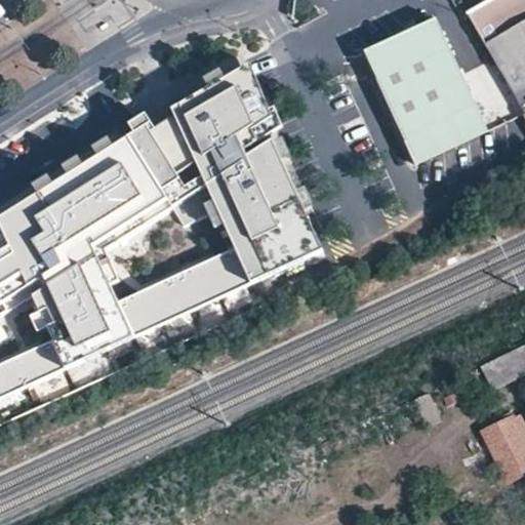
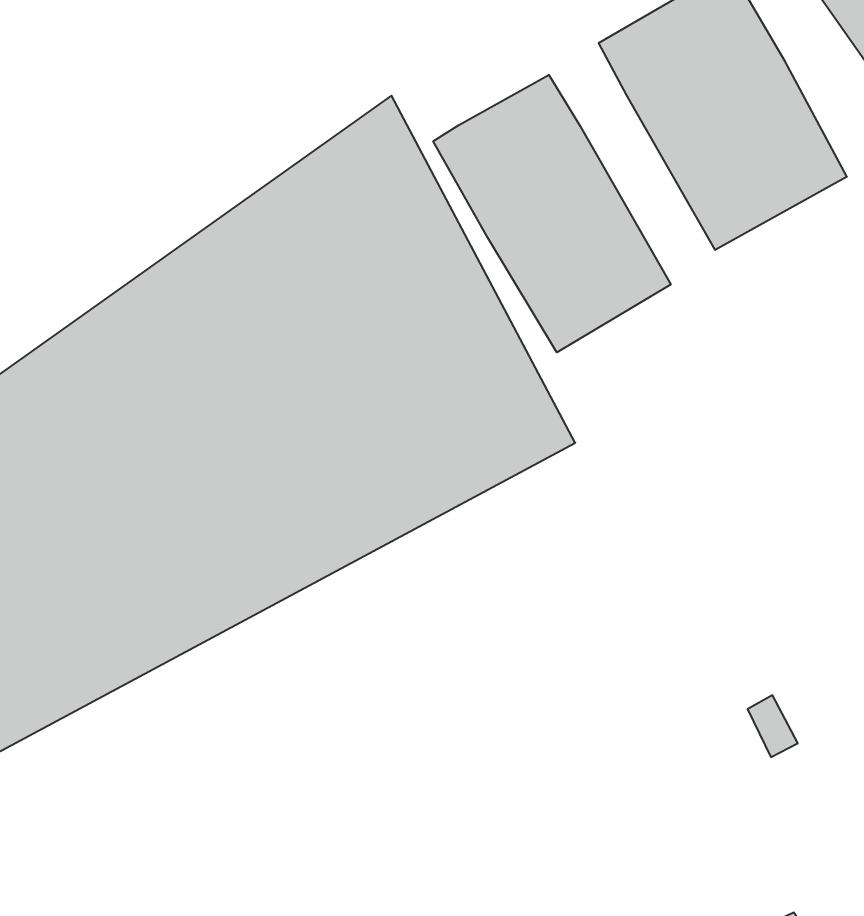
building: none -> [433,75,671,352]

